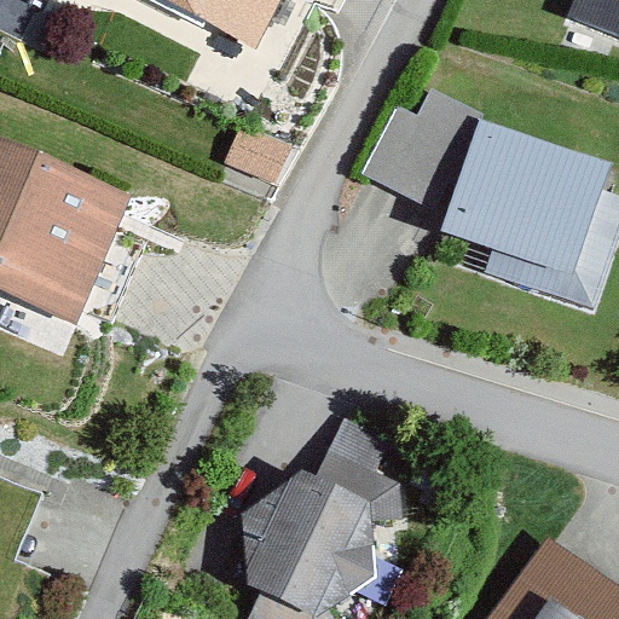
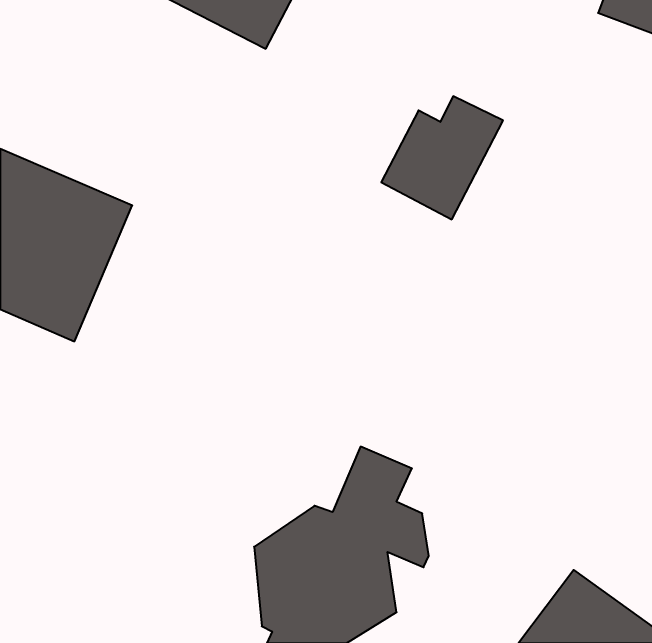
building: [439,122,608,300] -> none

